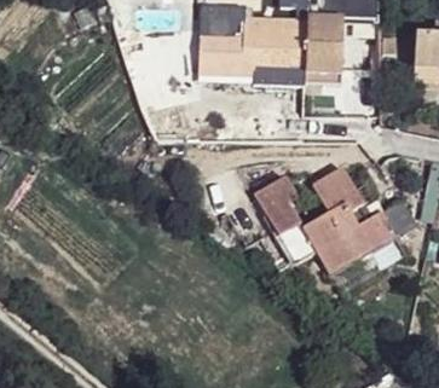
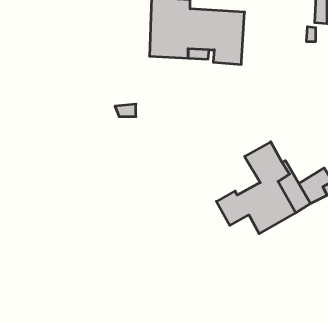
building: [306,13,346,77] -> none
building: [252,180,299,238] -> none

